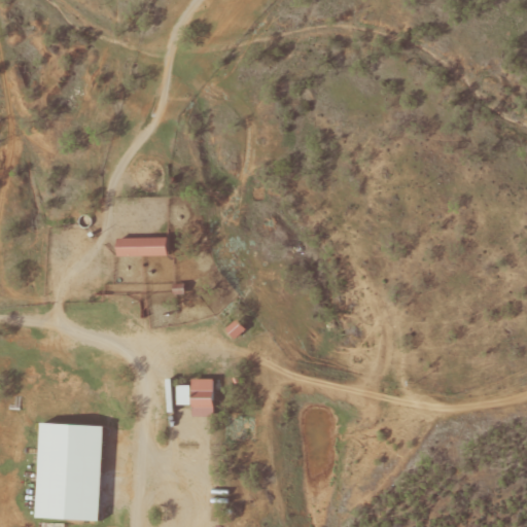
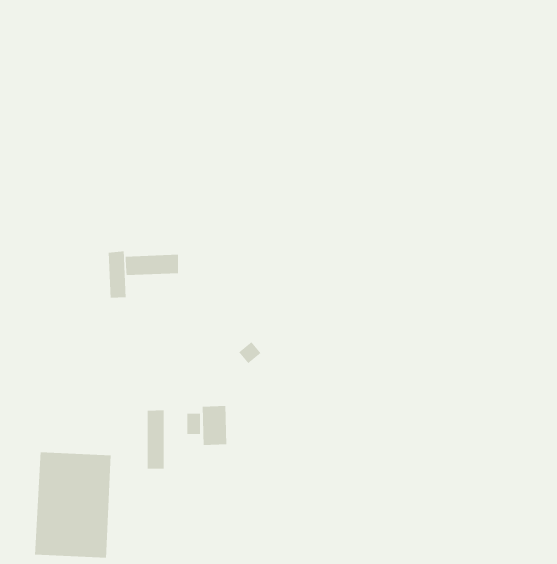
building: none -> [108,251,126,298]
building: none -> [147,409,165,469]

